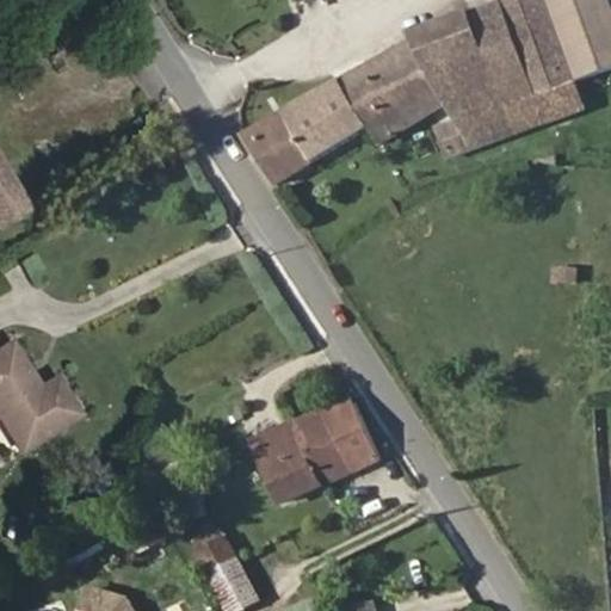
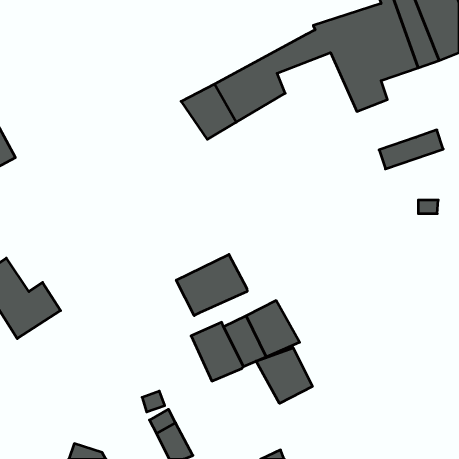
building: [365,69,470,158] -> none
building: [502,80,587,131] -> [379,130,443,169]
building: none -> [176,254,247,316]
building: none -> [256,348,312,403]

